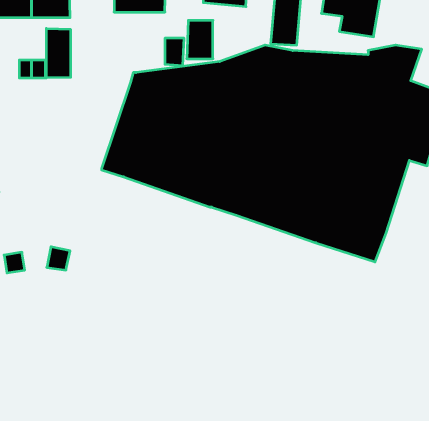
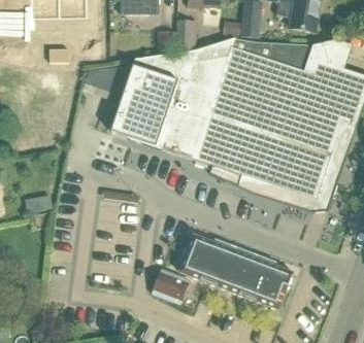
building: [46,28,71,78] -> none
building: none -> [179,235,294,310]
building: none -> [157,272,189,303]

